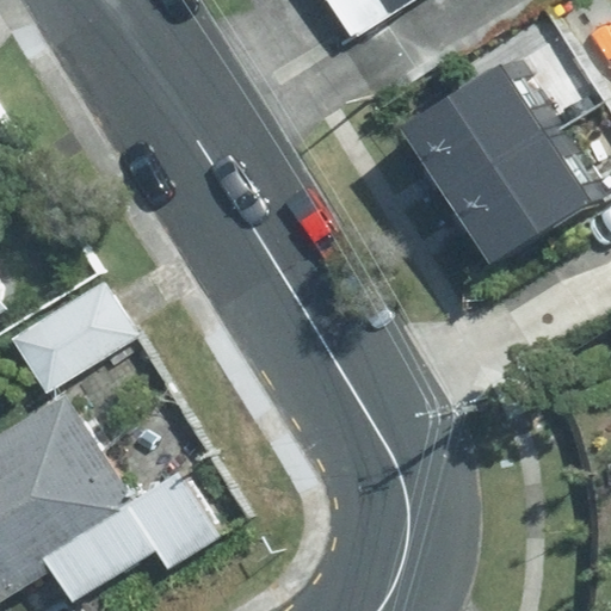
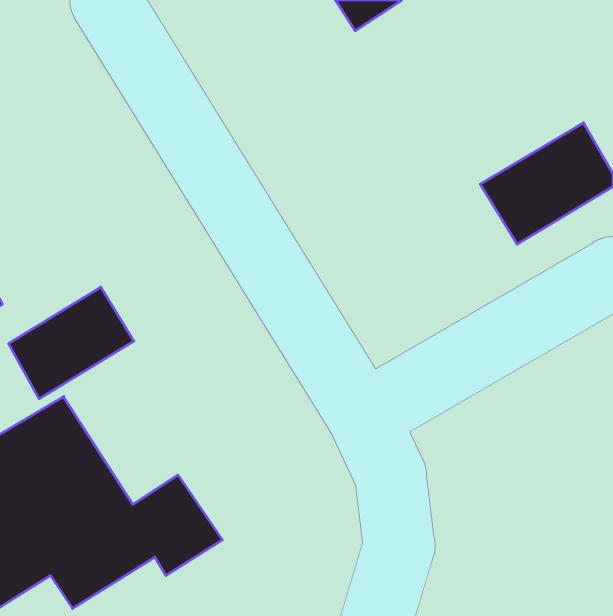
building: [420,53,567,190] -> none

